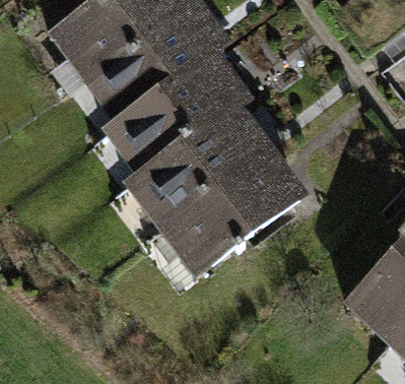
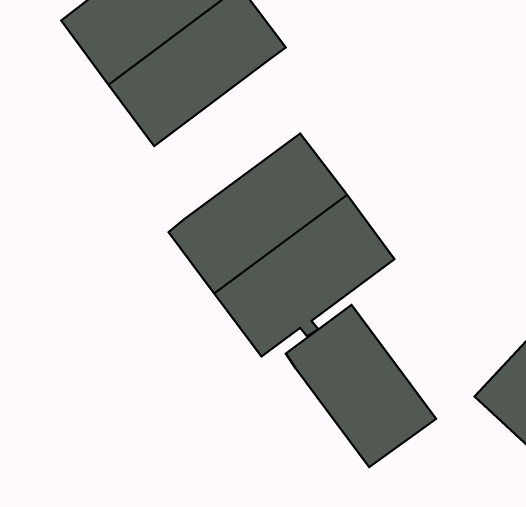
building: [114,58,240,172] -> none
building: none -> [286,305,436,467]

